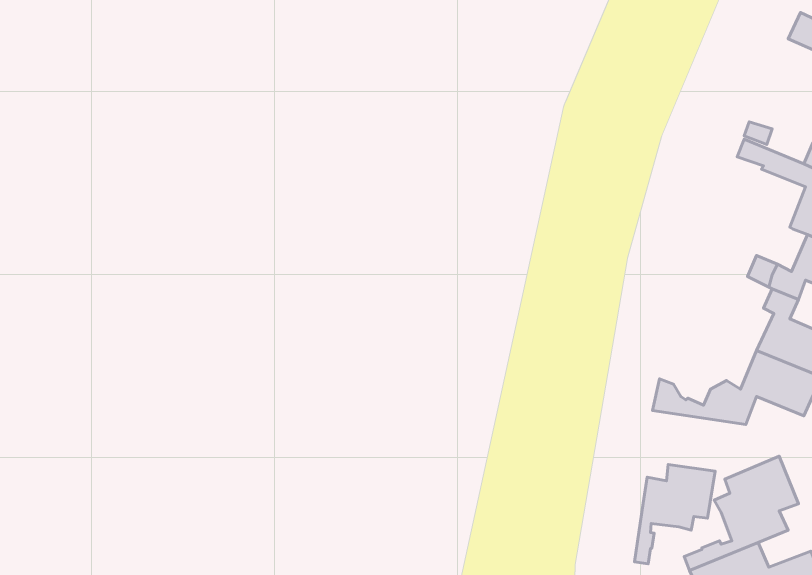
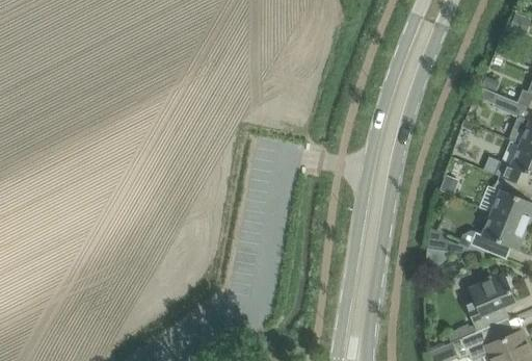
building: [634,464,715,564] -> none

